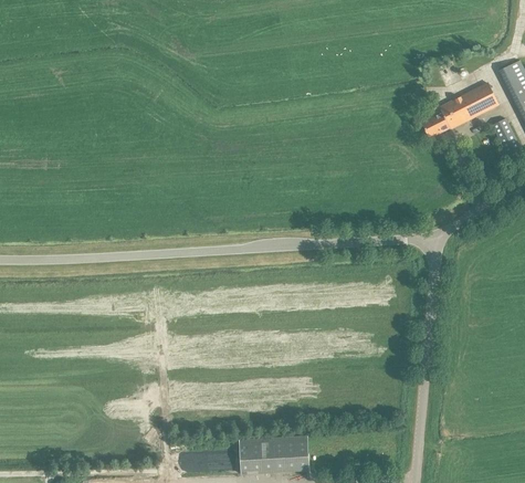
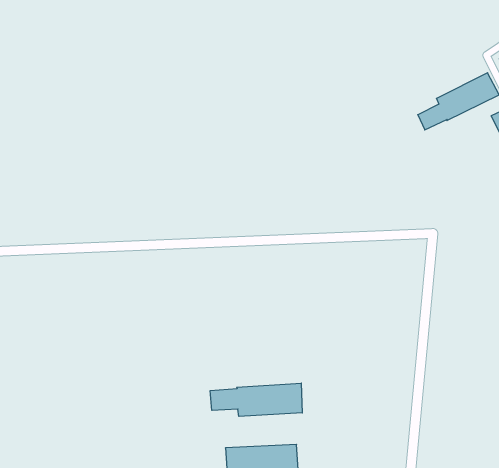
building: none -> [210,383,302,416]

